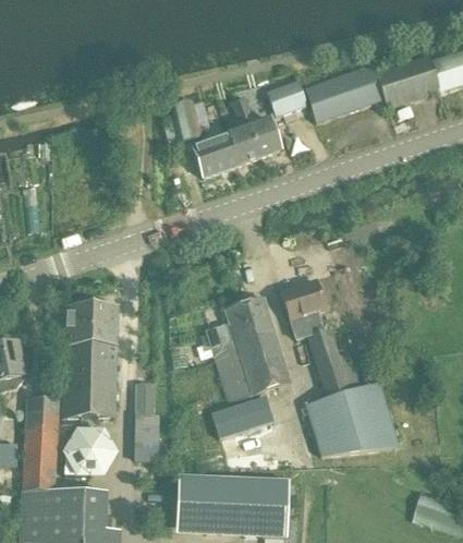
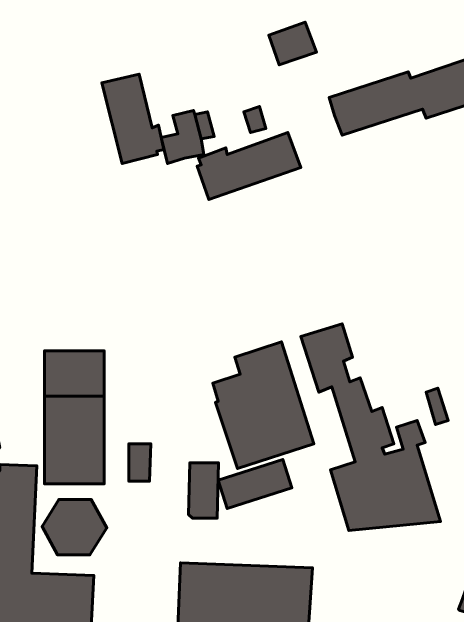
building: none -> [102,74,164,163]
building: [267,80,307,116] -> [269,22,317,65]
building: [134,413,159,460] -> [189,463,218,518]

